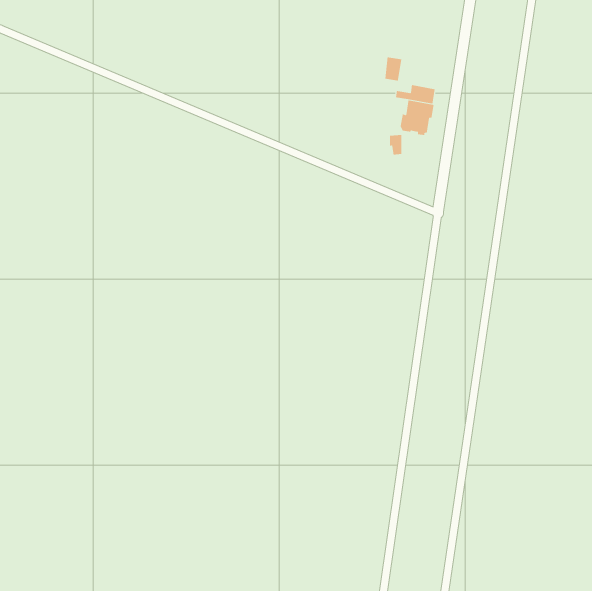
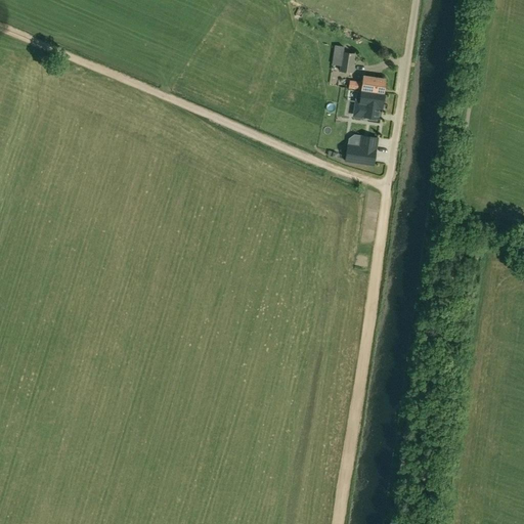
building: none -> [345,136,378,166]

